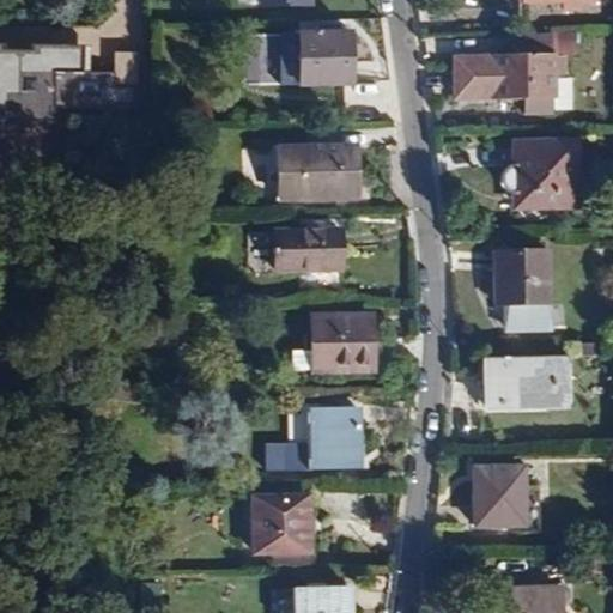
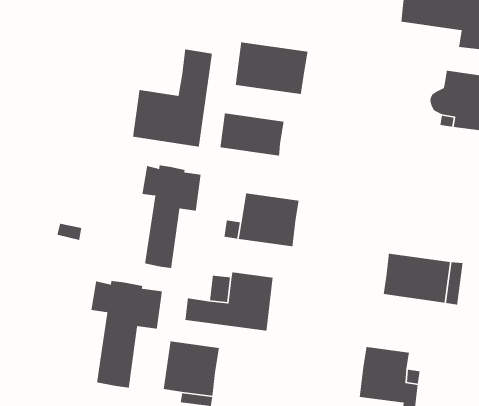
building: none -> [132,49,213,148]
building: [496,249,550,328] -> none
building: none -> [141,165,202,269]
building: none -> [90,280,163,388]

